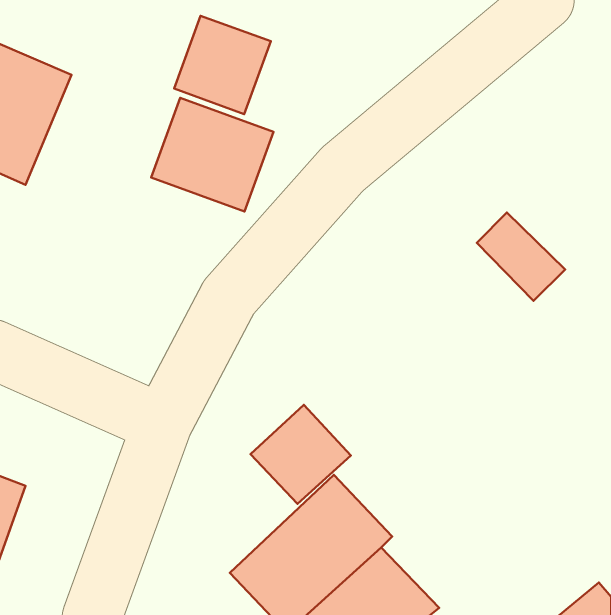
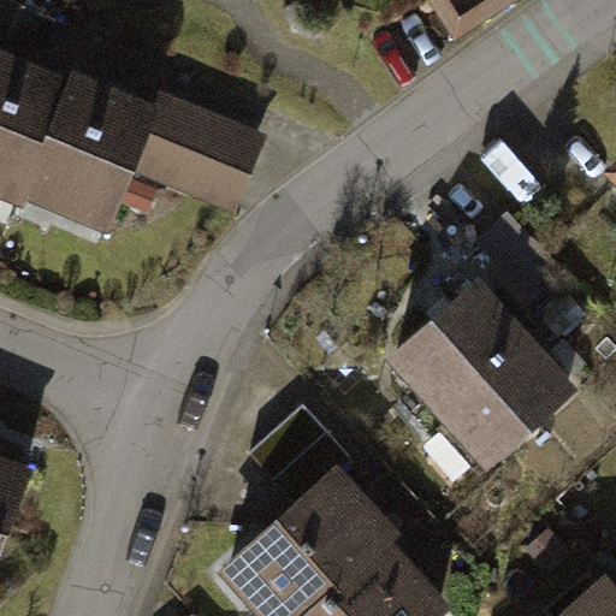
building: [174,16,271,114] -> none
building: none -> [25,77,153,220]
building: none -> [392,286,564,461]

